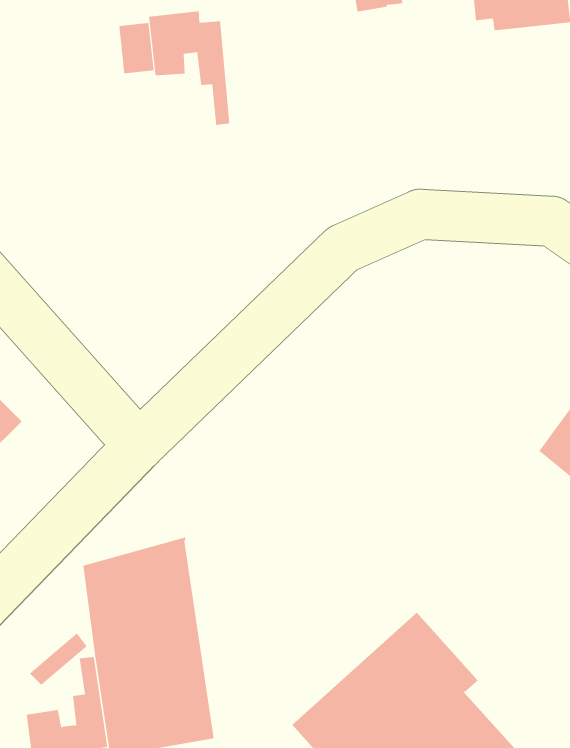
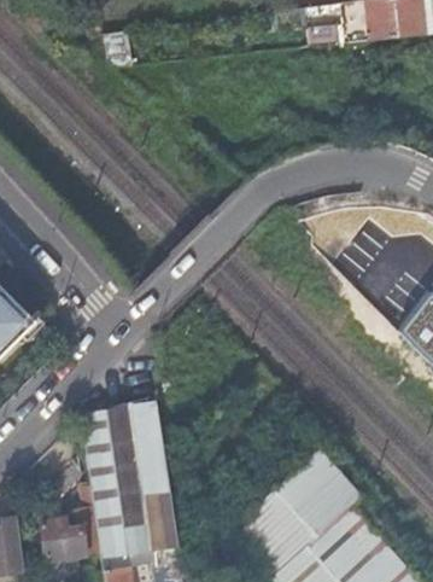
building: [149,10,230,126] -> none

